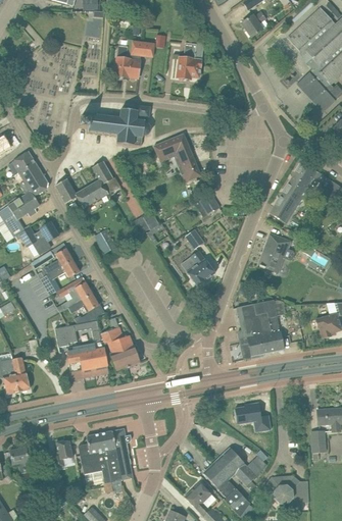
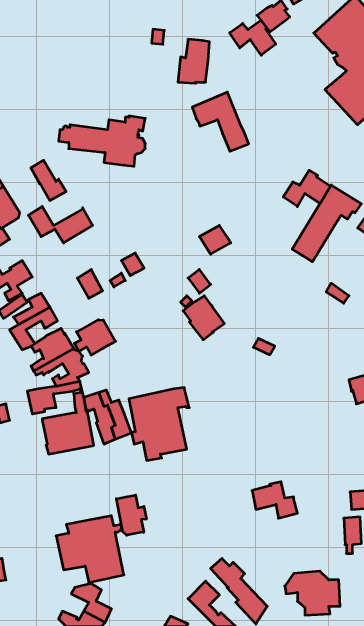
building: none -> [230,20,276,55]
building: [114,40,153,77] -> none
building: [154,133,200,180] -> [192,92,249,151]
building: none -> [283,170,330,207]
building: [92,160,120,193] -> [31,160,66,200]
building: [259,233,290,271] -> none
building: none -> [74,320,116,355]
building: [237,298,286,357] -> [129,388,189,460]
building: none -> [116,495,146,535]
building: [50,439,72,467] -> none
building: [212,447,267,490] -> none

